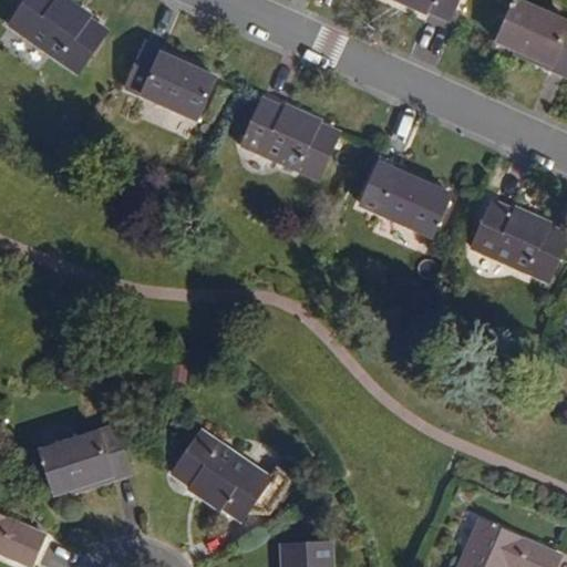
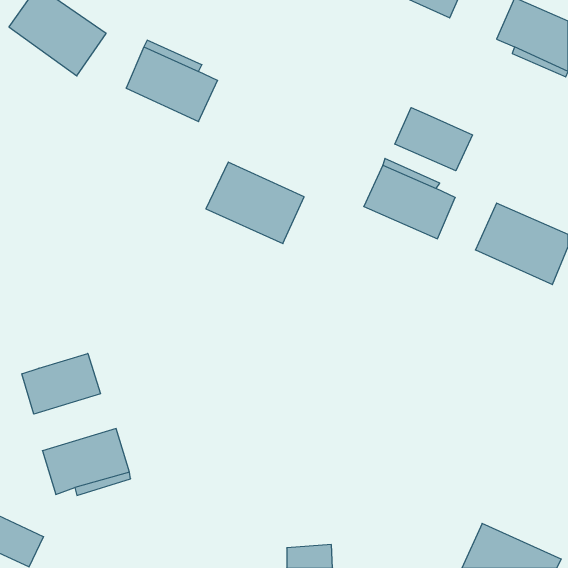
building: [241,100,339,181] -> [206,162,304,244]
building: none -> [395,108,472,171]
building: none -> [22,353,101,414]
building: [171,432,290,520] -> none

